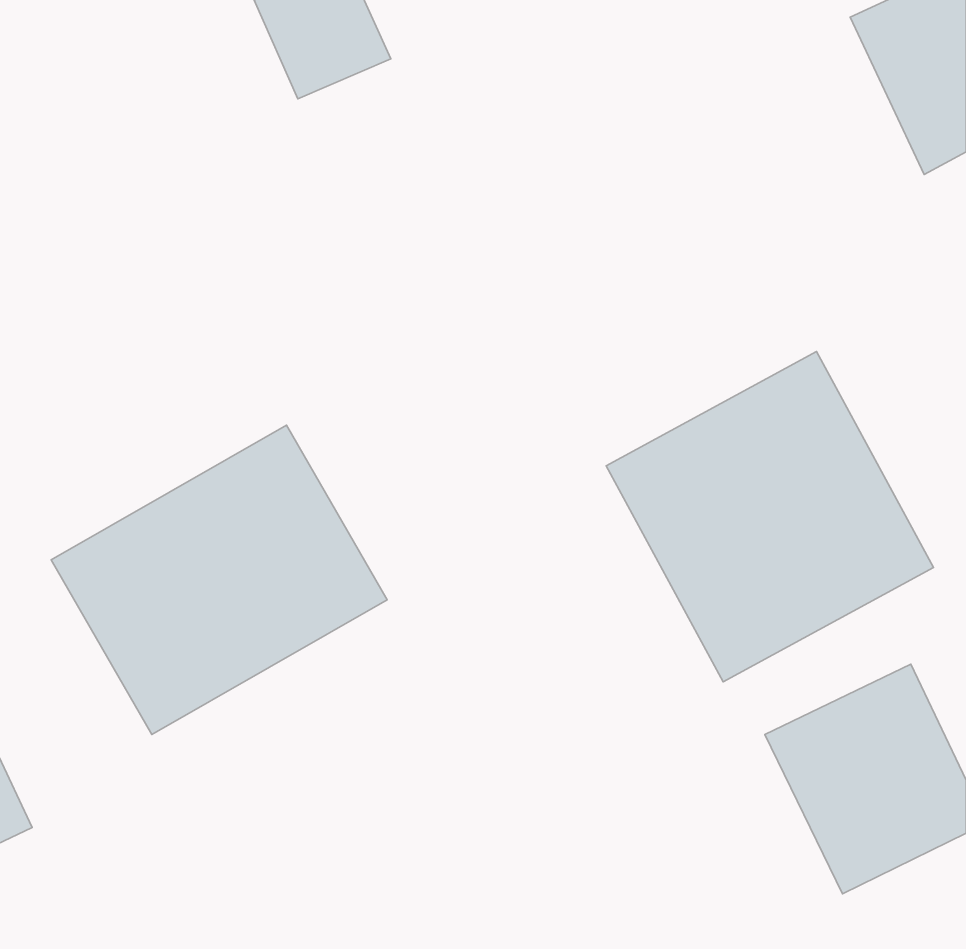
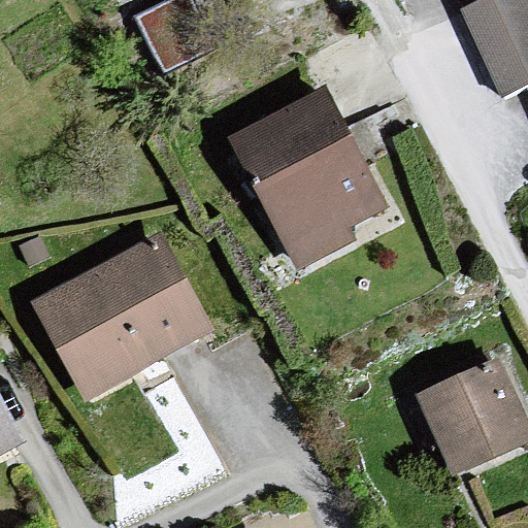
building: none -> [231,85,399,266]
building: [606,352,933,682] -> none

